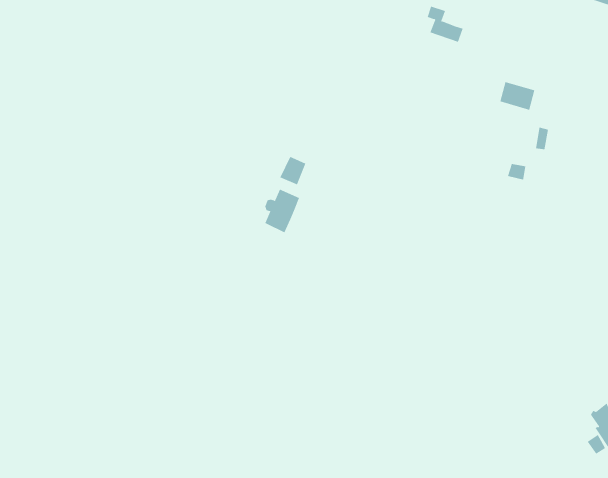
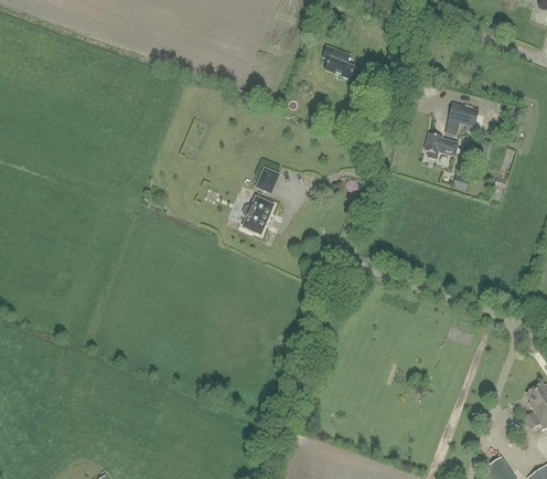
building: [427,6,464,42] -> [322,46,354,78]
building: none -> [423,134,460,159]

